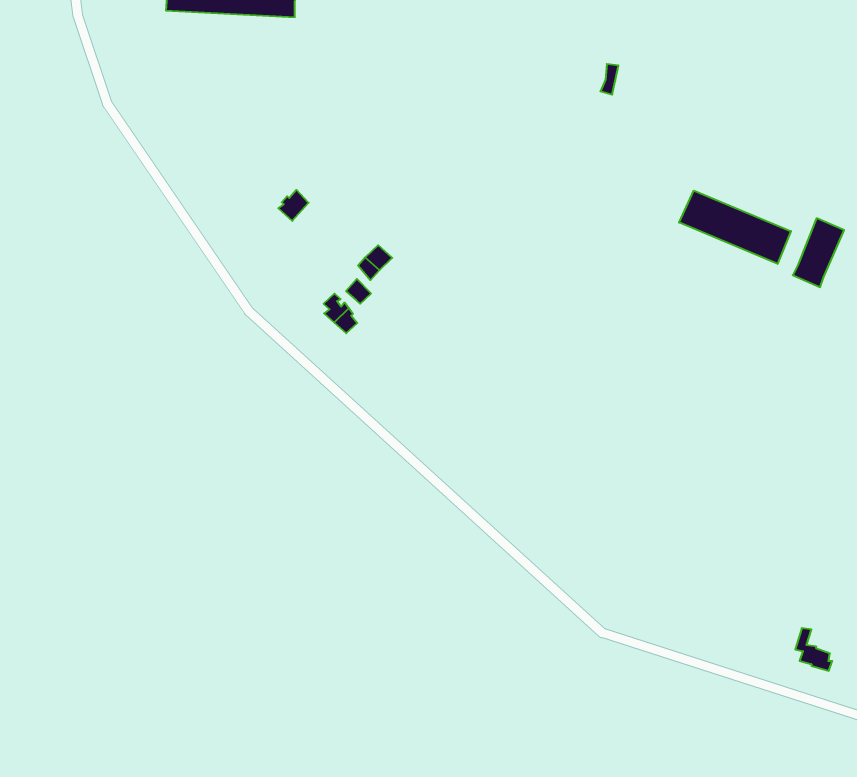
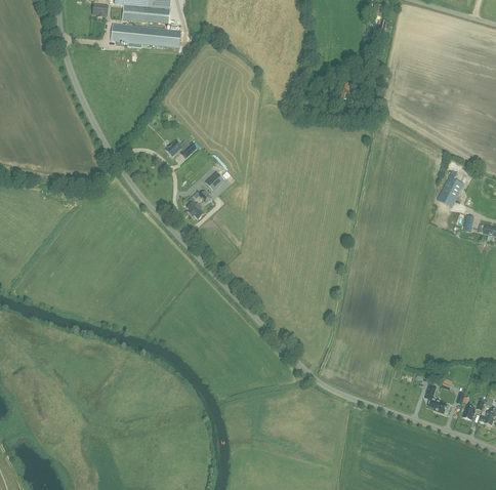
building: [679,191,791,264] -> none

